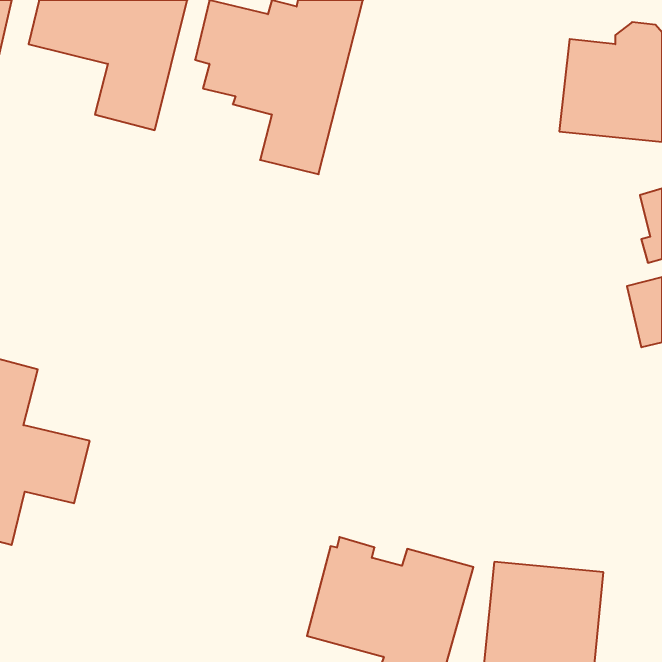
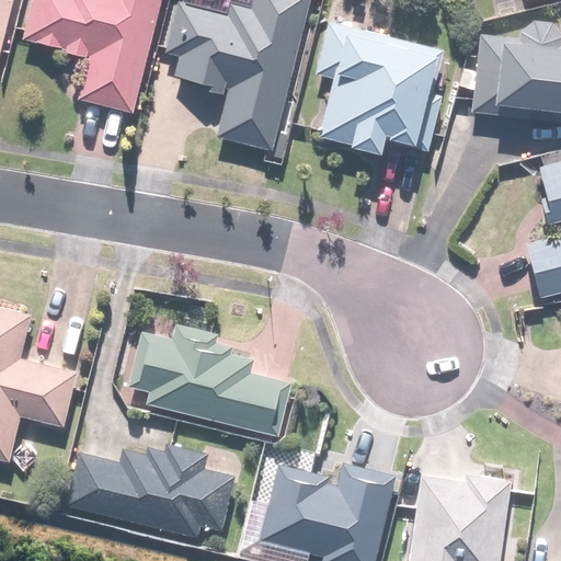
building: none -> [317,23,442,151]
building: none -> [136,324,291,436]
building: none -> [66,444,234,539]

